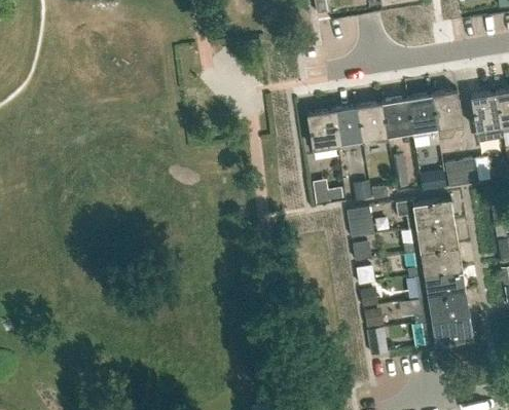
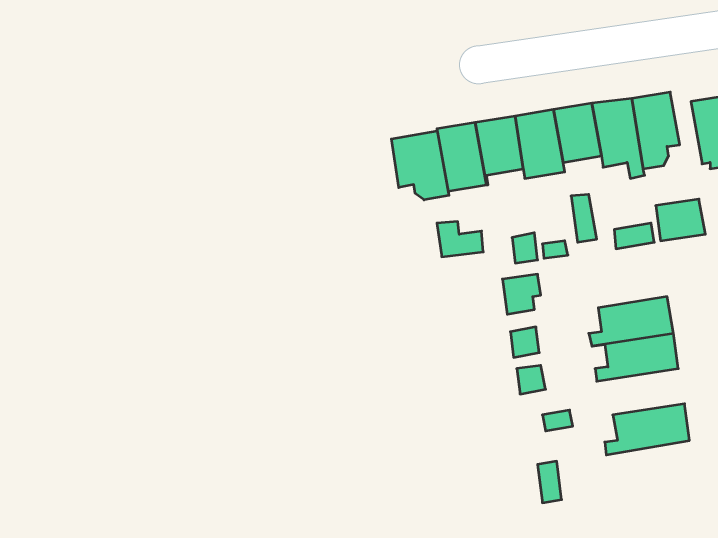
building: none -> [391,131,449,200]
building: [398,199,456,230] -> none
building: [410,269,467,299] -> none
building: [416,315,474,347] -> none

